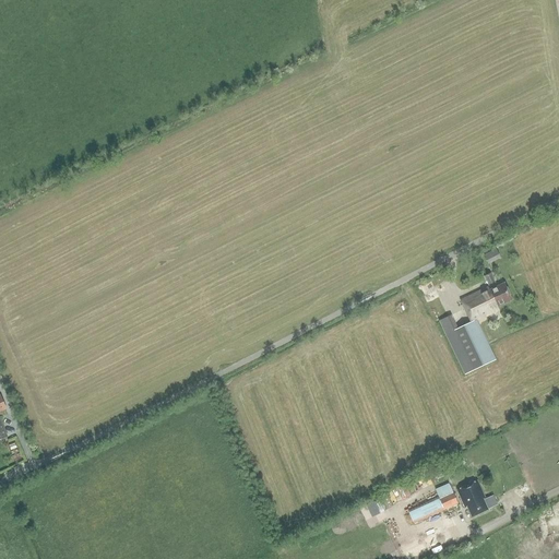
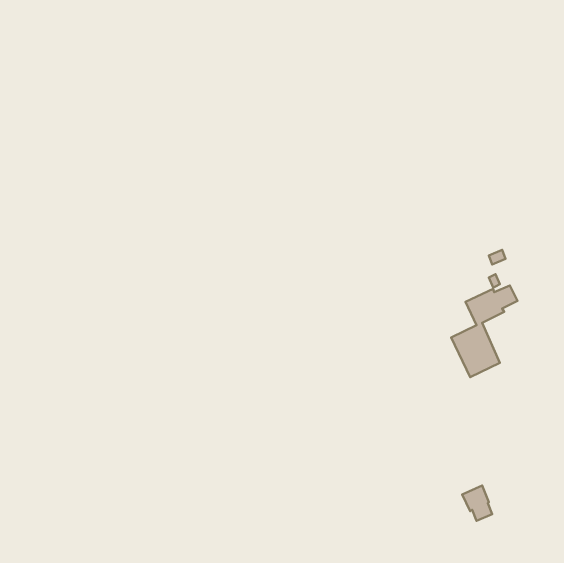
building: [407,481,456,522] -> none

